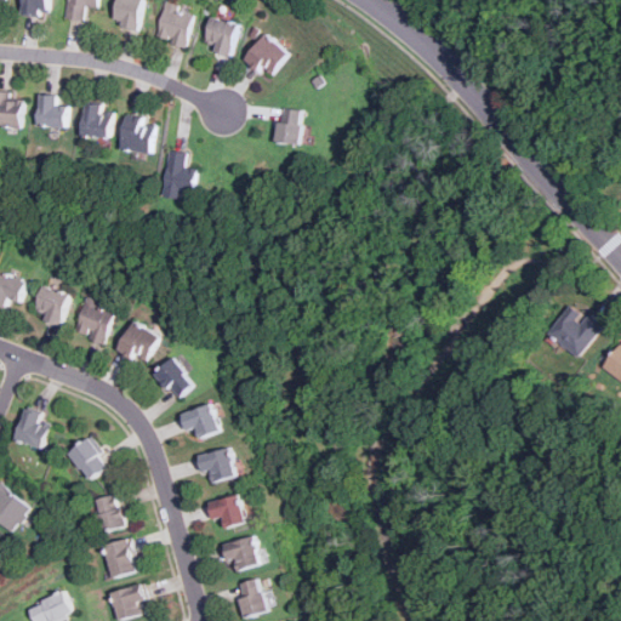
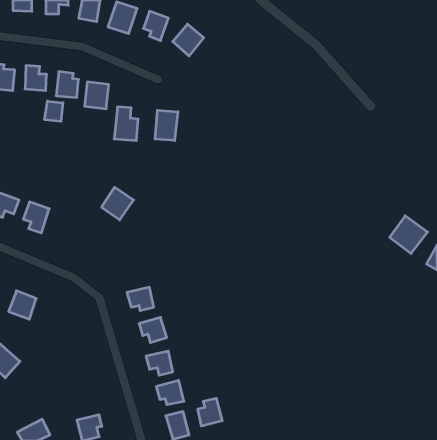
building: [273,108,300,144] -> none
building: none -> [45,101,63,121]
building: none -> [155,110,178,141]
building: [72,298,114,343] -> none
building: [114,320,159,366] -> [102,187,134,220]
building: [152,358,193,400] -> none
building: [65,439,107,480] -> none
building: [92,495,124,532] -> none
building: [101,539,136,579] -> none
building: none -> [198,398,222,426]

